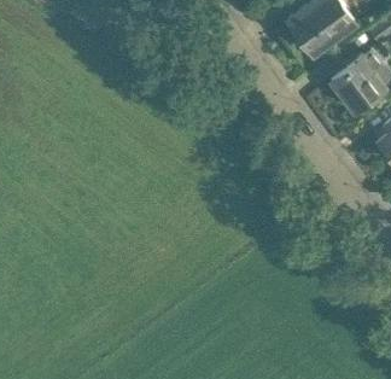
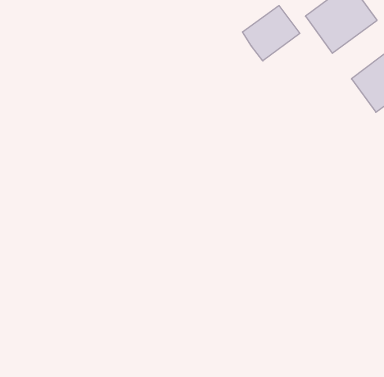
building: none -> [242,6,300,61]

